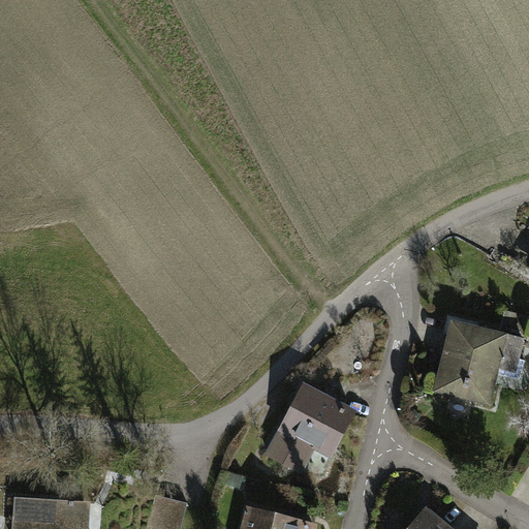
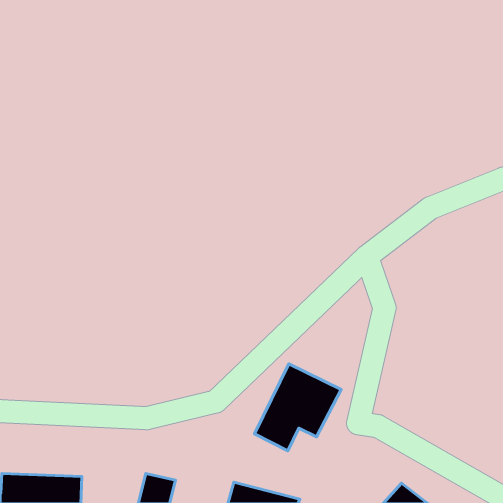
building: [433,319,523,404] -> none

